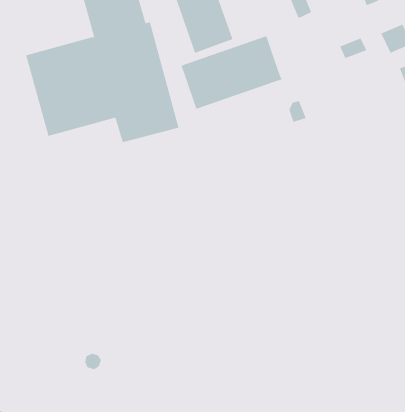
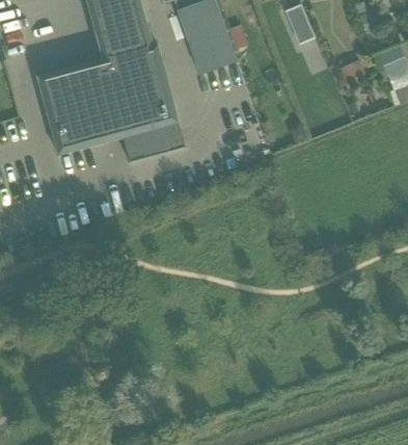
building: [181,35,283,110] -> none

